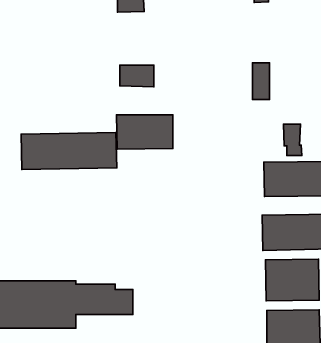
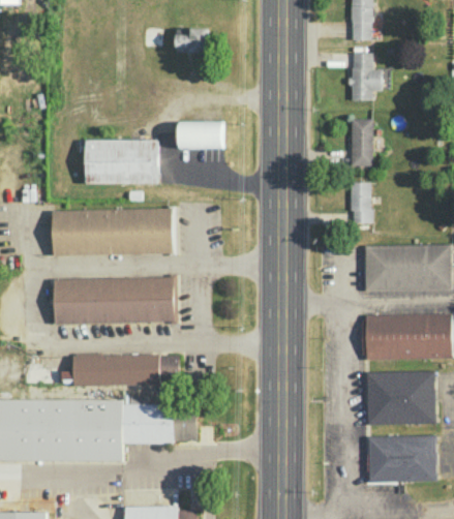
building: none -> [347,53,382,99]
building: [116,115,173,149] -> [86,140,158,184]
building: [283,124,302,156] -> [350,182,373,222]
building: none -> [54,276,178,324]
building: none -> [62,354,179,386]

